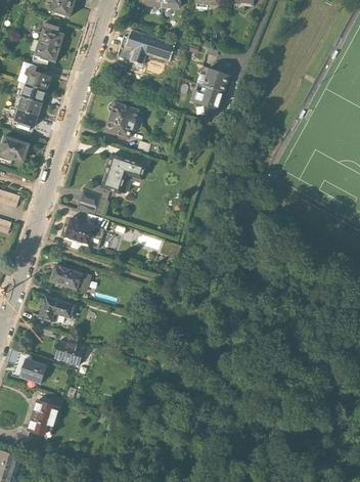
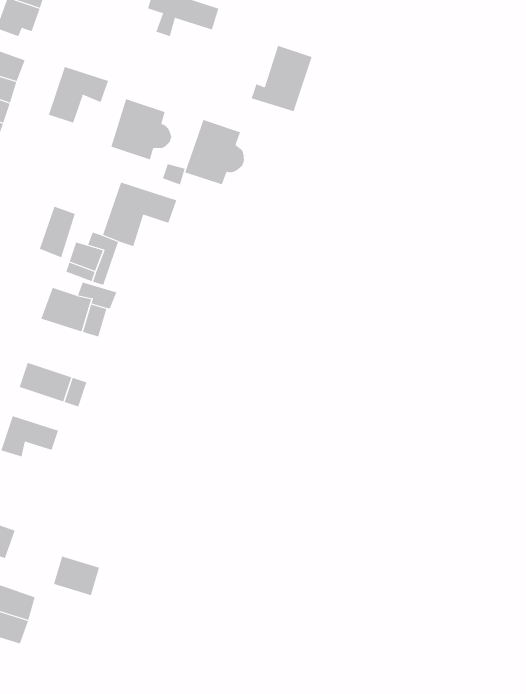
building: none -> [48,66,109,123]
building: none -> [184,119,244,185]
building: none -> [39,206,75,258]
building: [54,339,83,363] -> [53,556,100,596]

